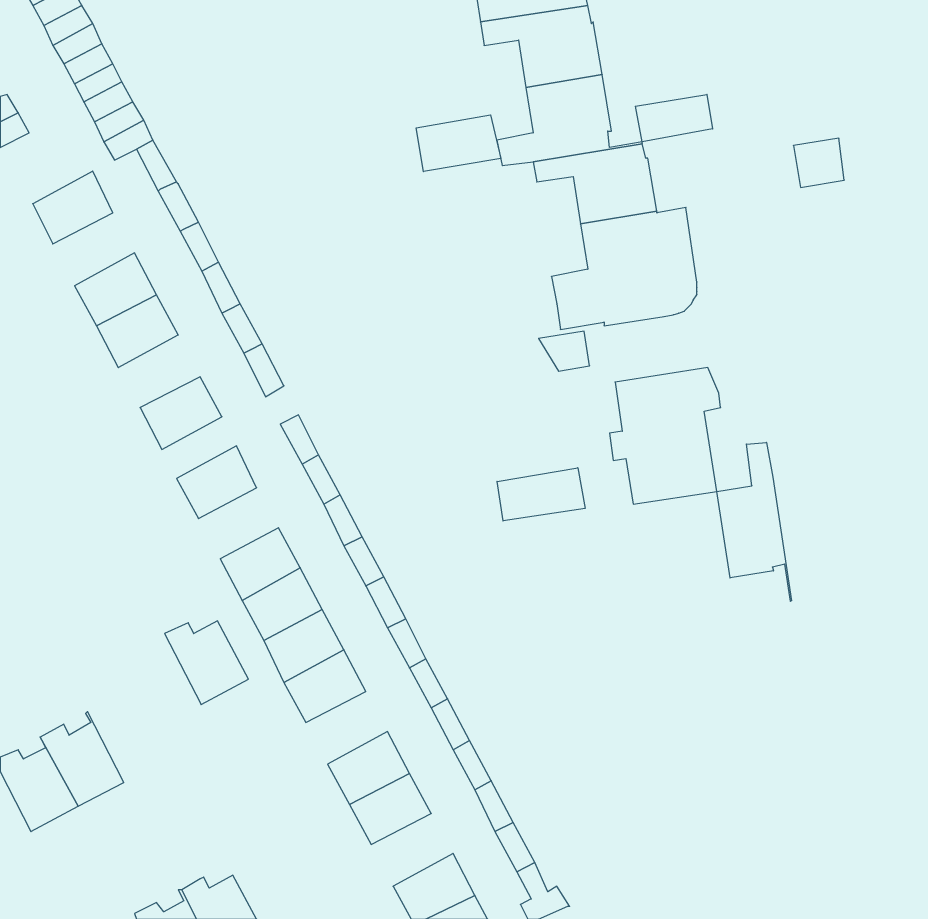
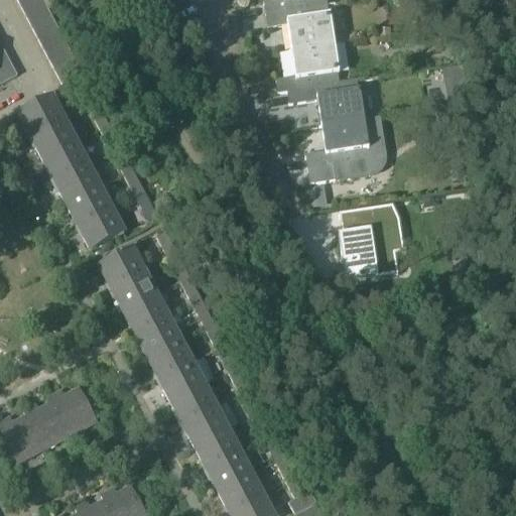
building: [635,94,713,142] -> none
building: [416,115,501,172] -> none
building: none -> [30,118,76,158]
building: none -> [67,185,112,226]
building: [717,442,792,601] -> none
building: [497,468,585,521] -> none
building: none -> [111,270,155,309]
building: [165,621,248,705] -> [49,387,96,433]
building: none -> [170,383,216,423]
building: none -> [207,450,252,491]

